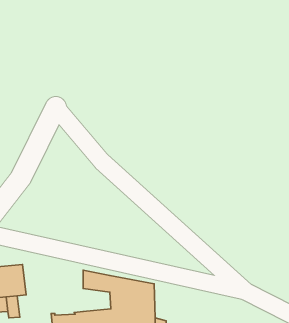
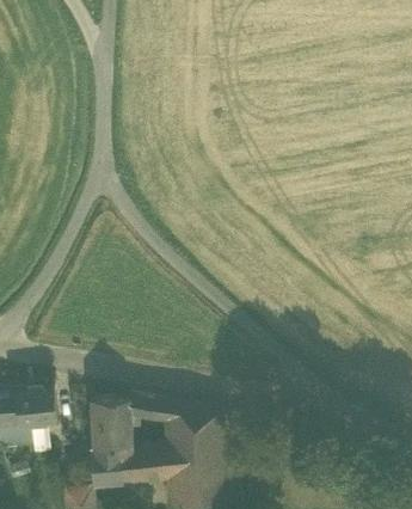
building: none -> [87,395,128,448]

